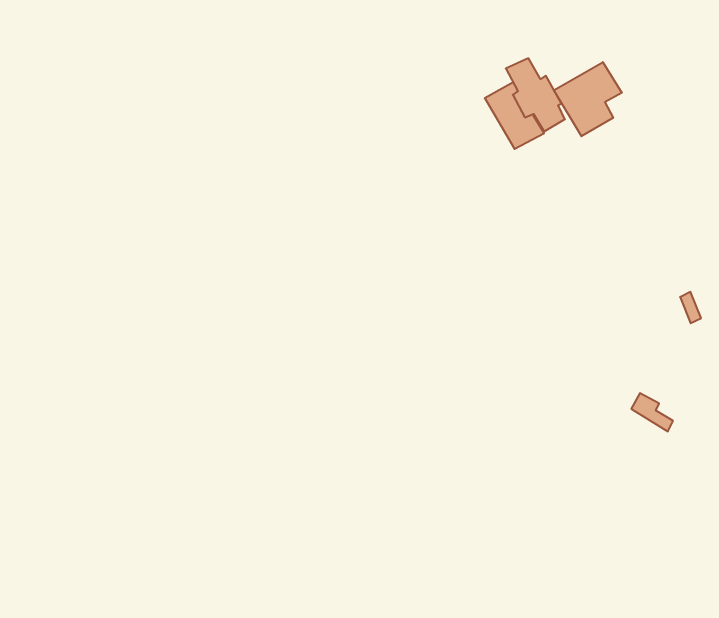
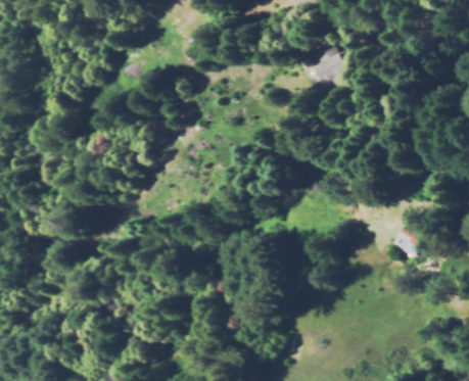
building: [554,62,622,136] -> none

